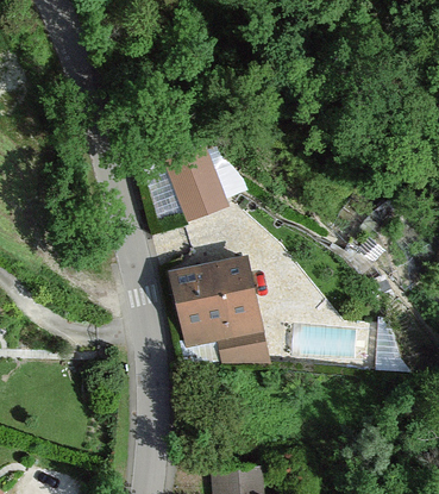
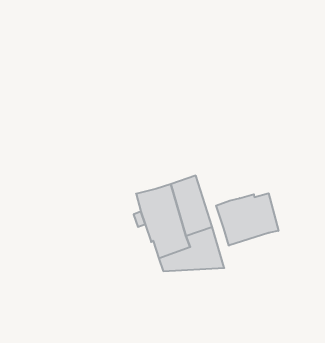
building: [165,148,222,215] -> none
building: none -> [216,193,278,246]

